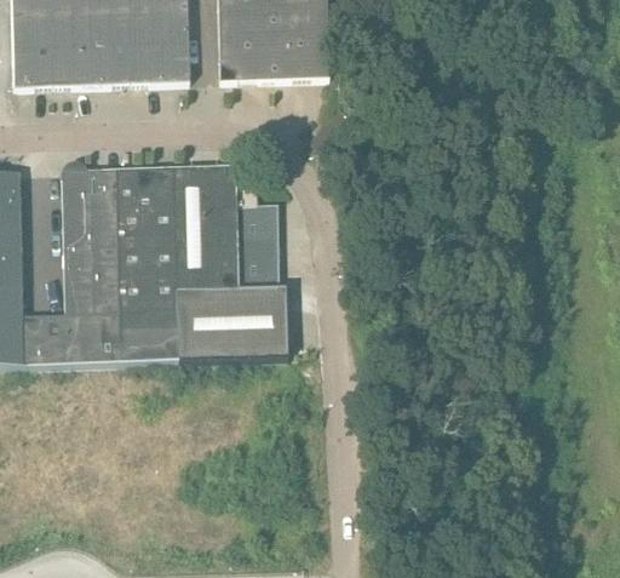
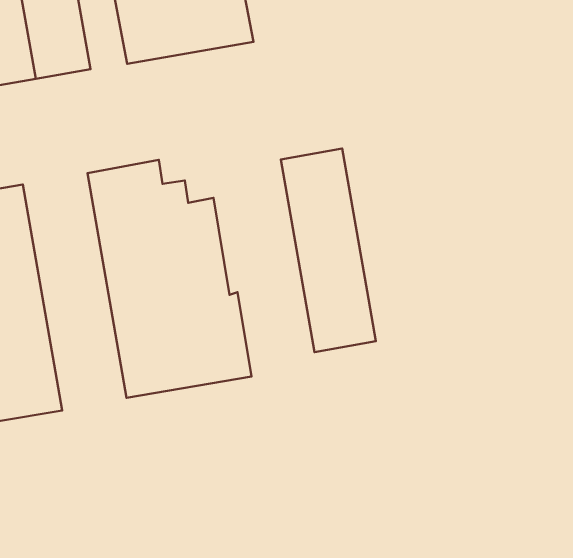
building: [117,167,178,364] -> none
building: none -> [281,149,376,352]

